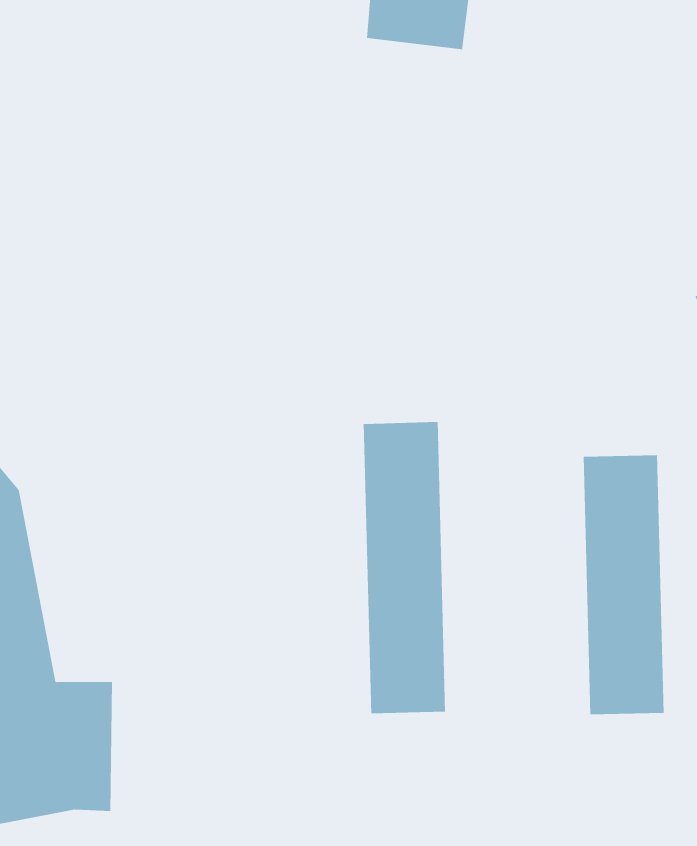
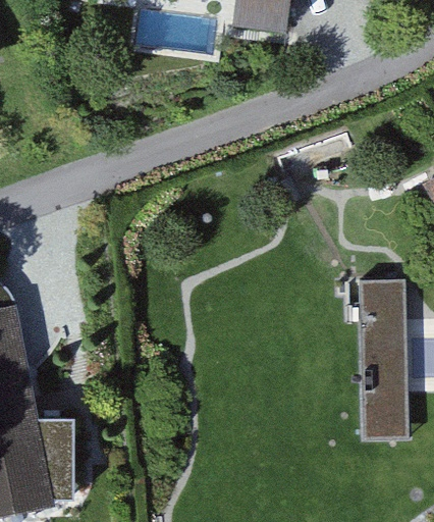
building: [363,421,446,714] -> none

